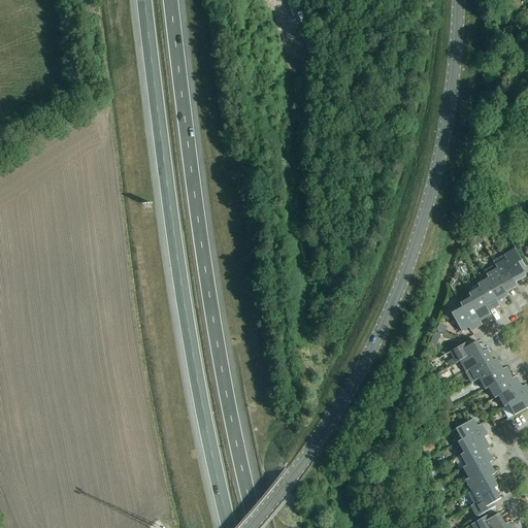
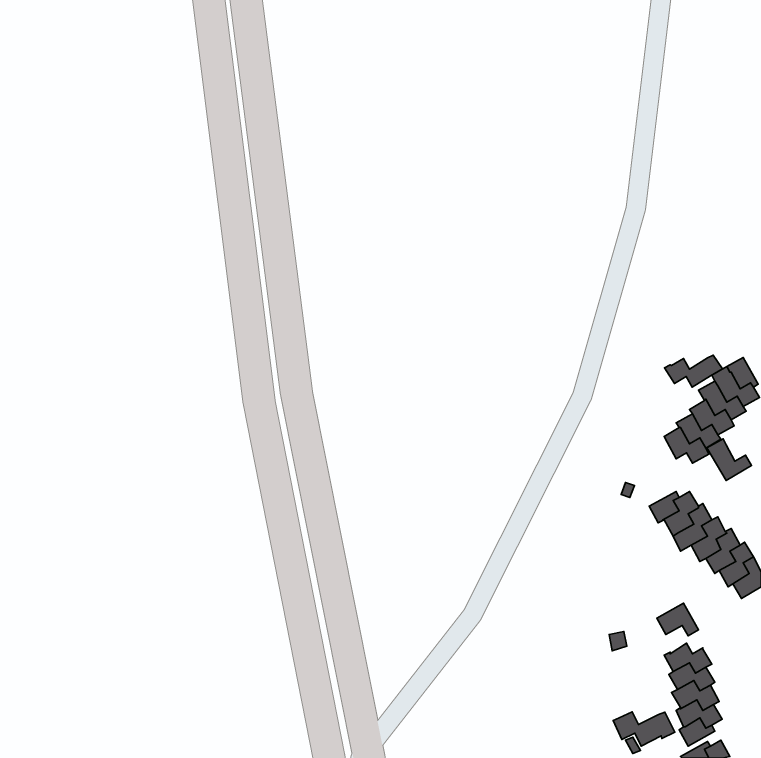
building: none -> [665,355,722,387]
building: [449,302,480,331] -> [707,439,751,481]
building: [454,433,490,454] -> none
building: none -> [613,712,675,746]

